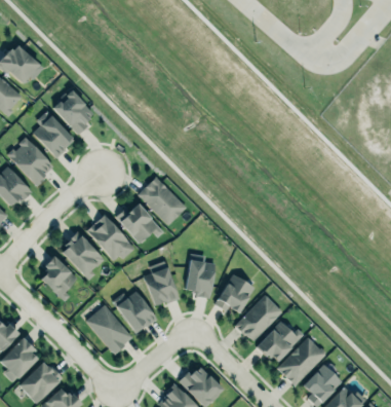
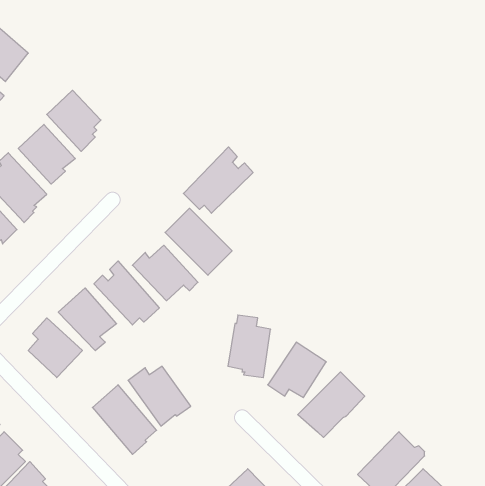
building: none -> [183,147,253,213]
building: [143,266,179,305] -> none
building: [257,321,303,364] -> none

